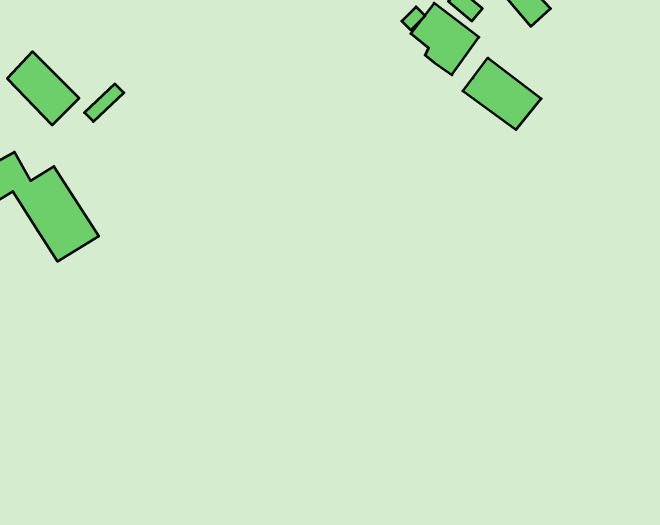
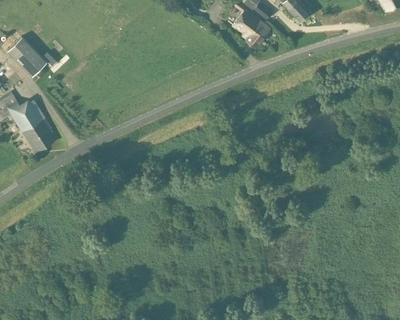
building: [463,58,541,130] -> none

